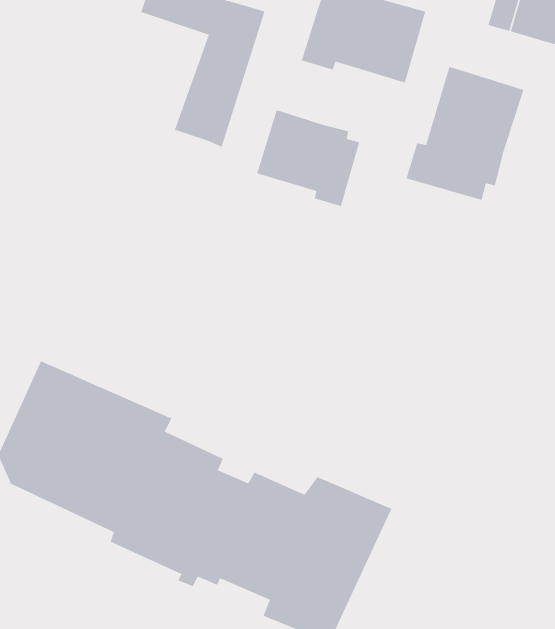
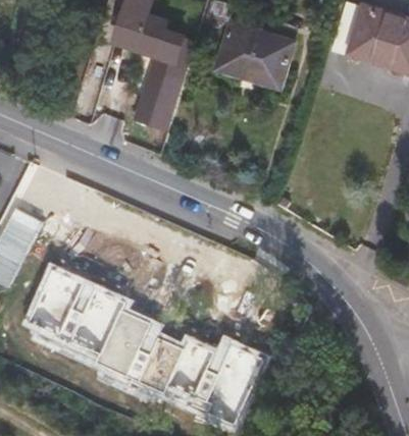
building: [406,66,524,201] -> none
building: [256,109,360,207] -> none

